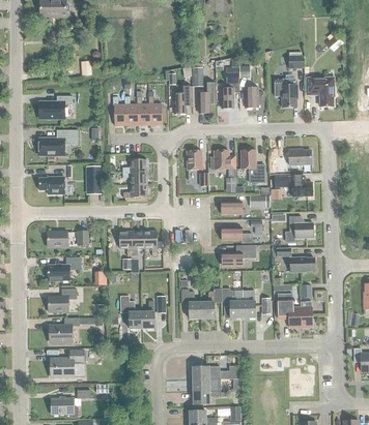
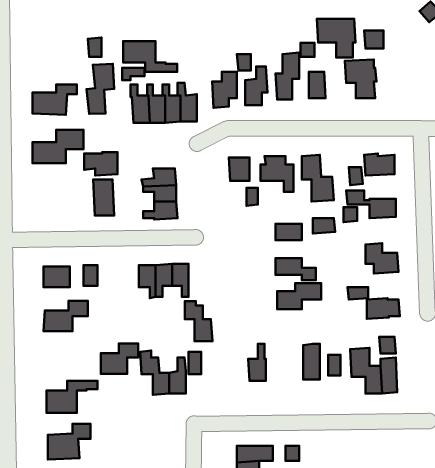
building: none -> [123,41,177,72]
building: [305,75,334,104] -> [317,19,355,58]
building: none -> [86,64,114,114]
building: [38,176,63,193] -> [84,152,117,175]
building: [222,286,242,316] -> none
building: [180,287,201,317] -> [185,301,212,341]
building: [48,289,76,311] -> [101,344,138,374]

